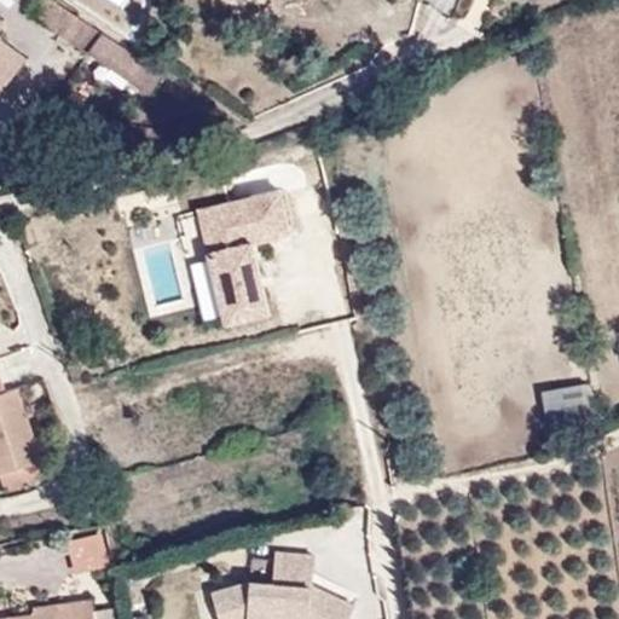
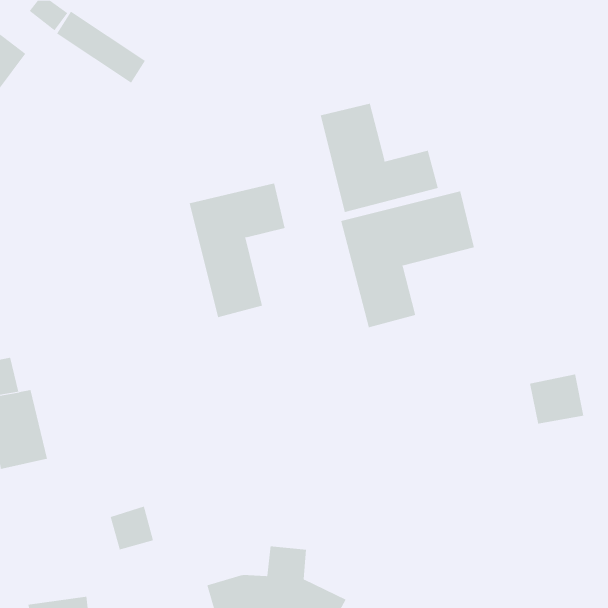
building: none -> [320,103,439,213]
building: none -> [340,191,474,328]
building: [62,528,106,573] -> [110,506,154,550]

